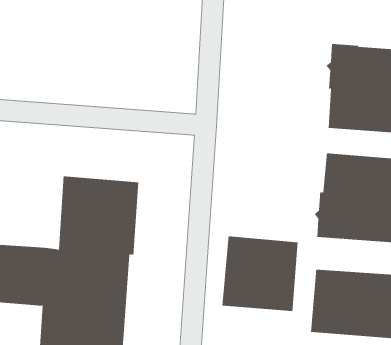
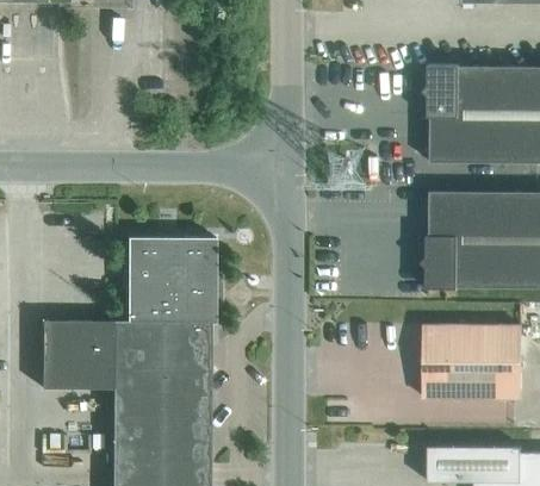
building: [222,235,298,312] -> none

